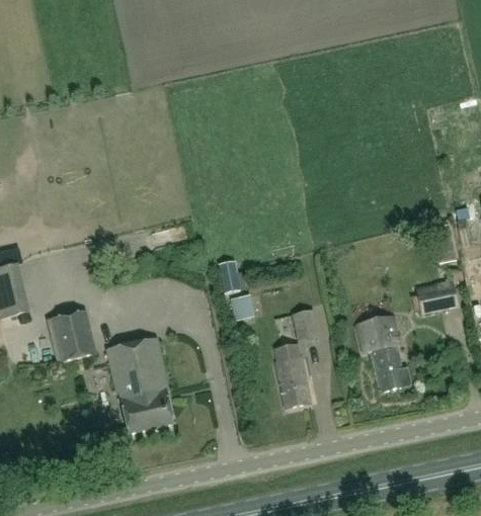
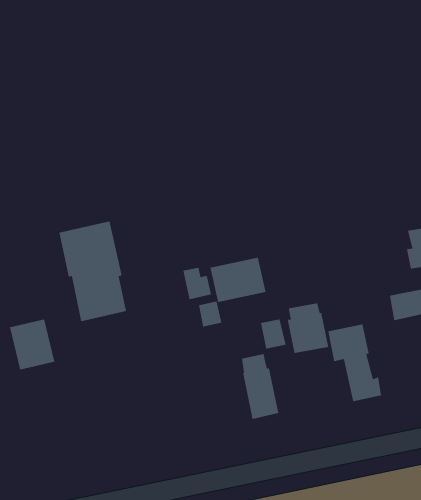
building: none -> [210,257,266,303]
building: none -> [287,302,329,354]
building: [107,337,173,434] -> [59,221,127,322]

